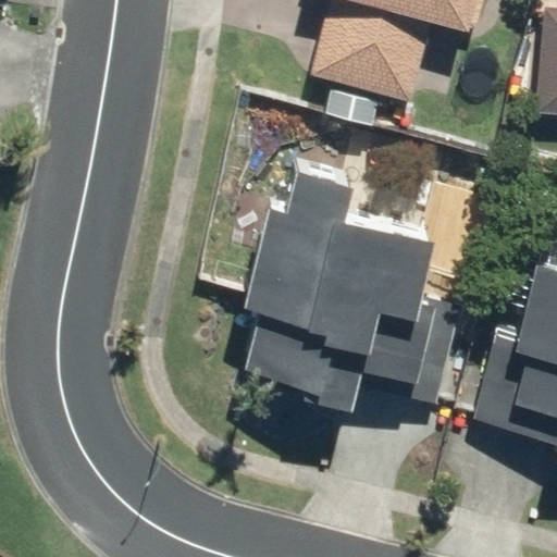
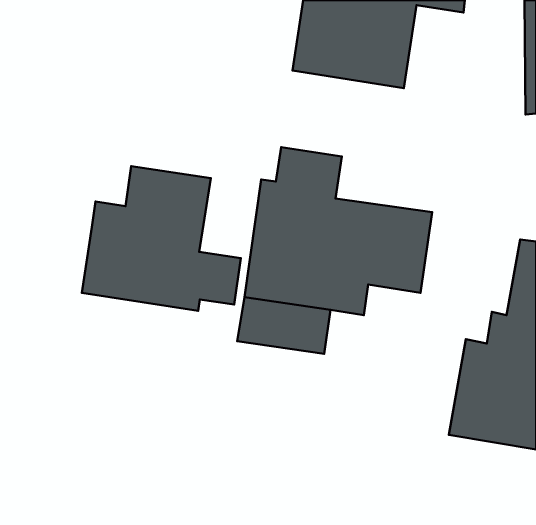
building: none -> [82,166,241,311]

